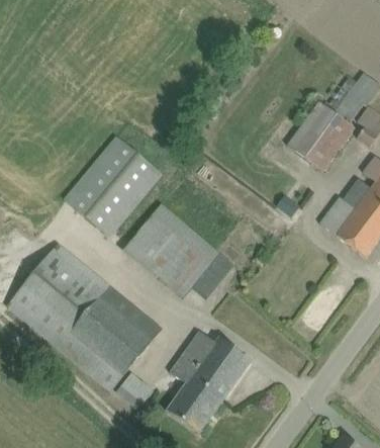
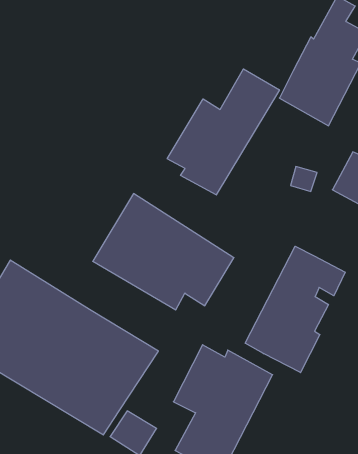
building: none -> [167,69,279,195]
building: [63,135,162,237] -> none
building: none -> [245,246,345,373]

